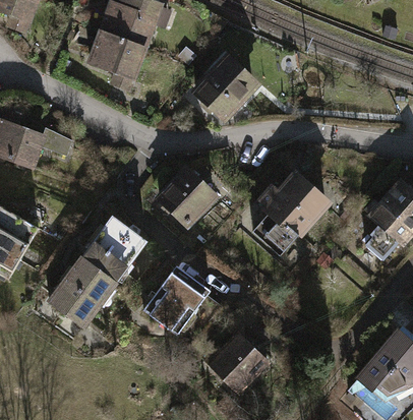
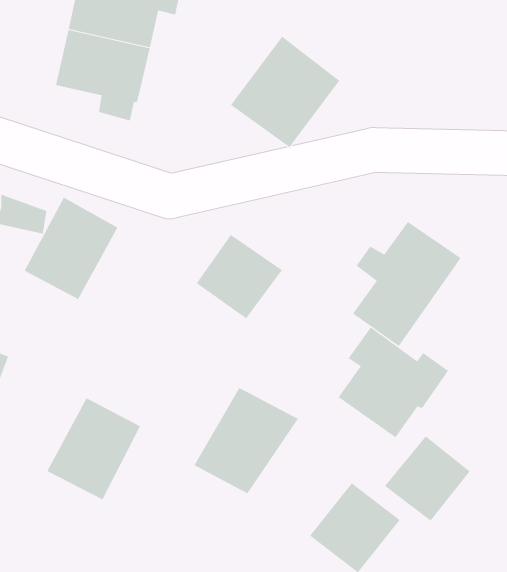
building: [80,218,142,283] -> [24,197,118,300]
building: none -> [338,327,449,438]
building: none -> [384,435,471,522]

